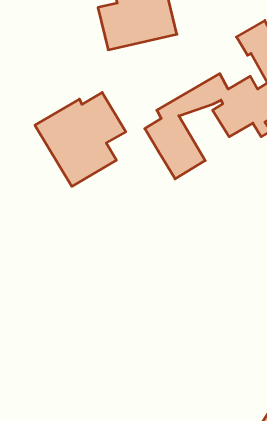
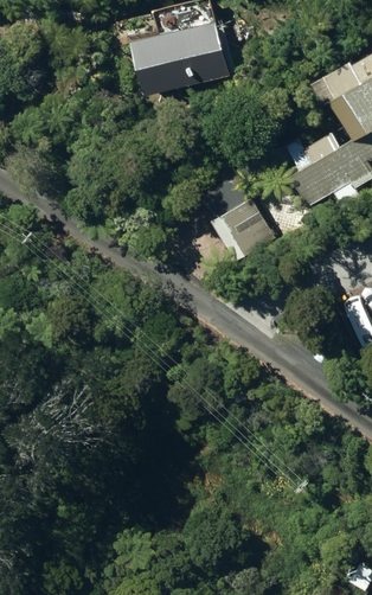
building: [35,92,126,186] -> none

